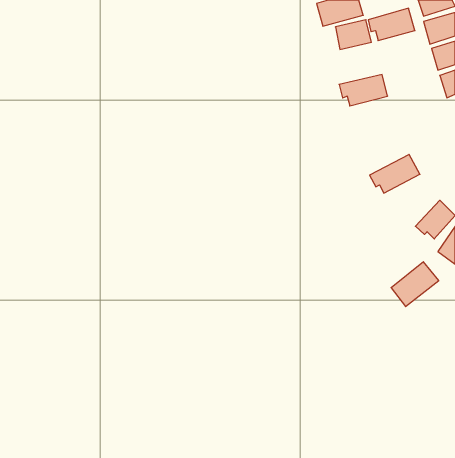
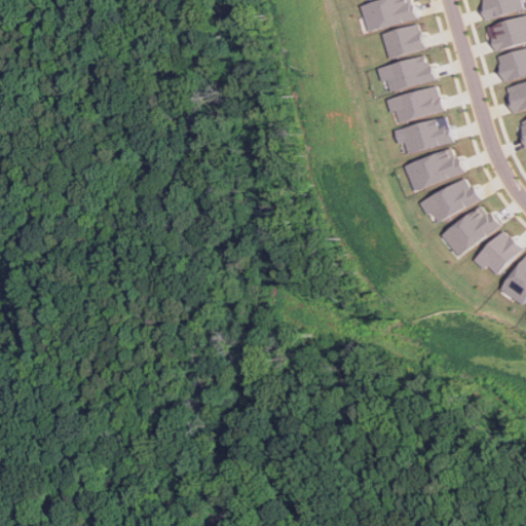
building: [368,8,415,41] -> [379,54,433,91]
building: none -> [402,116,451,153]
building: none -> [407,147,462,191]
building: [391,262,439,307] -> [444,205,498,257]

